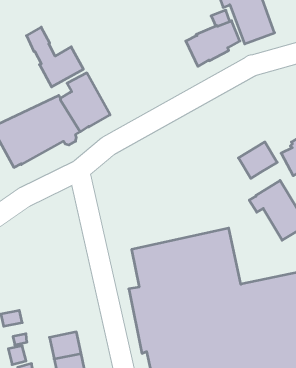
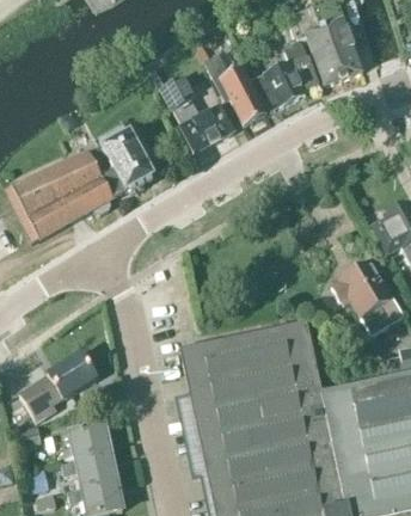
building: none -> [204,54,265,125]
building: [26,27,83,87] -> [162,76,235,153]
building: [238,142,277,178] -> none
building: none -> [19,354,96,419]
building: none -> [62,424,110,460]

